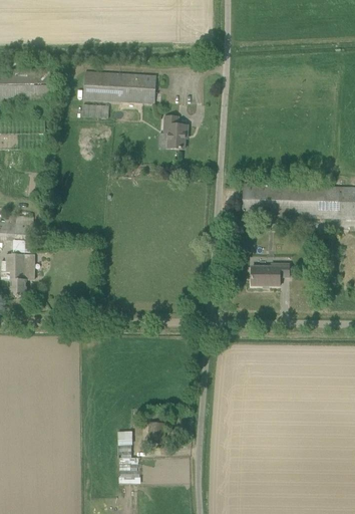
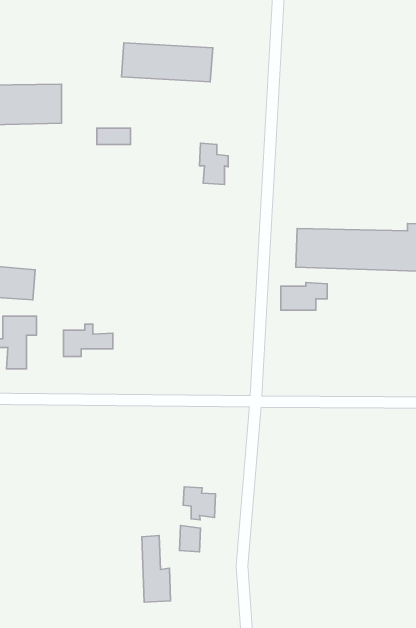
building: [82,71,155,102] -> [121,43,213,82]
building: none -> [64,324,113,357]
building: [251,263,288,285] -> [281,283,327,310]
building: none -> [183,487,216,520]

